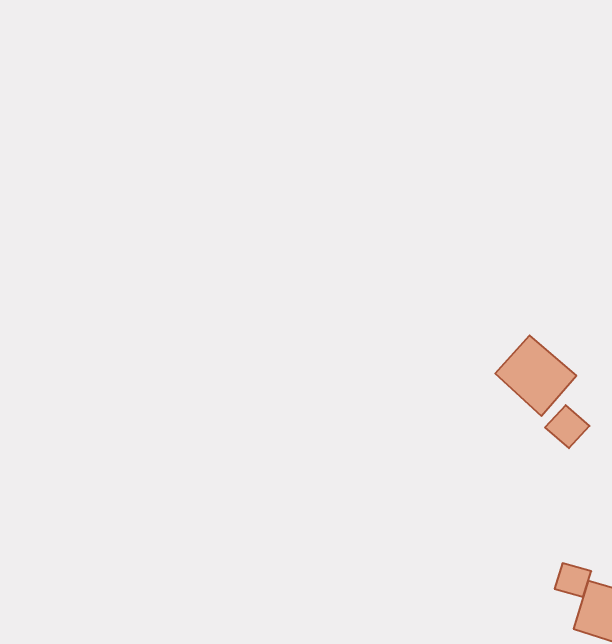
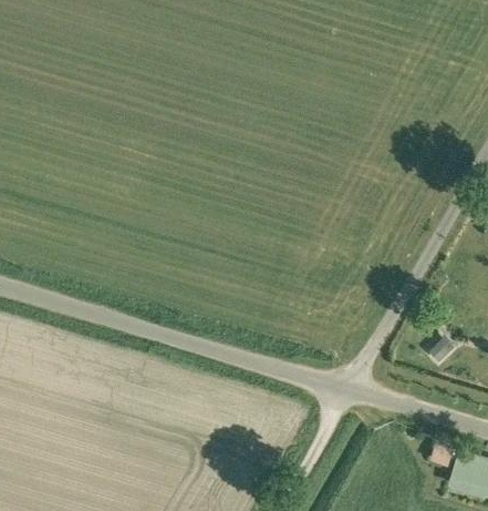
building: [495,335,576,416] -> none

